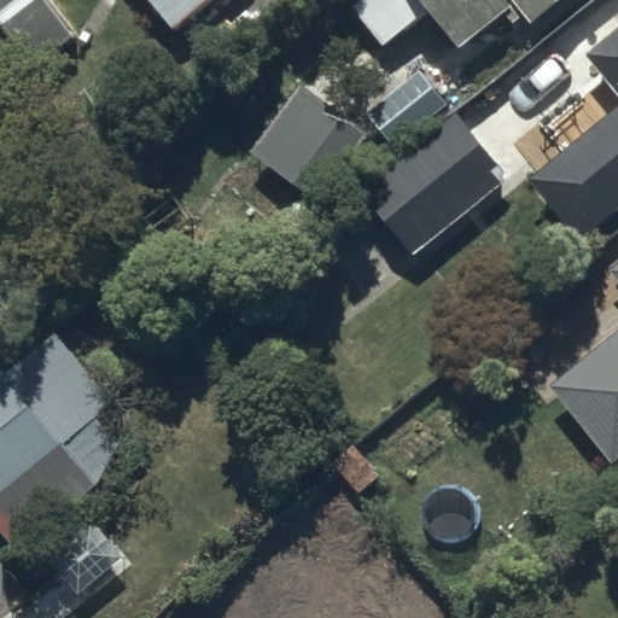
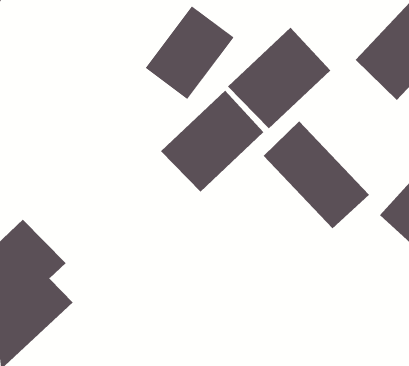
building: none -> [160,90,264,193]
building: none -> [263,120,370,229]

